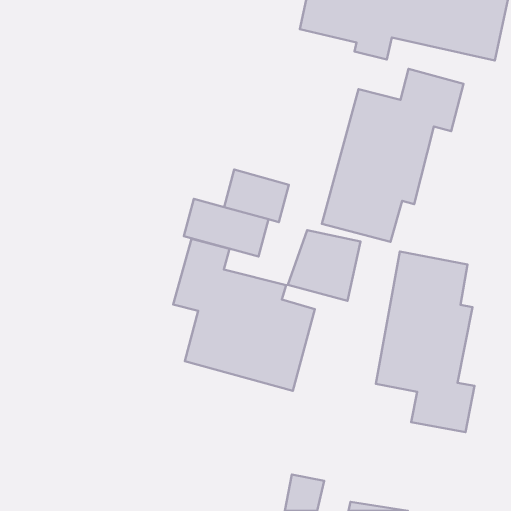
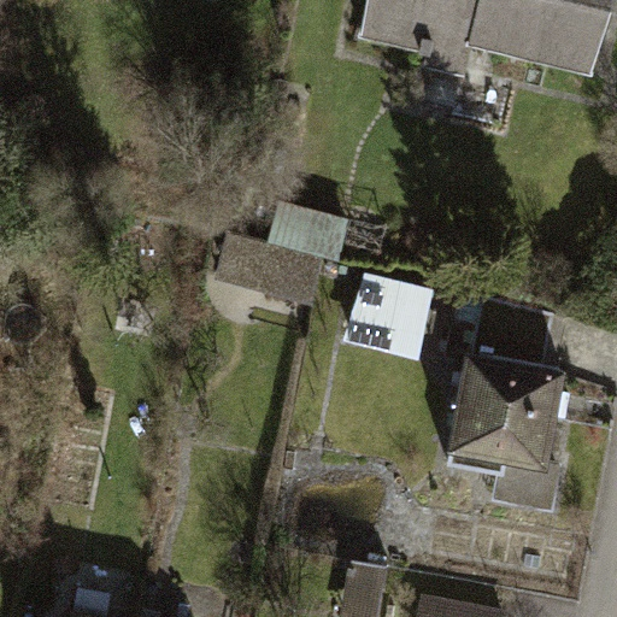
building: [322,69,463,242] -> none
building: [173,239,315,391] -> none

